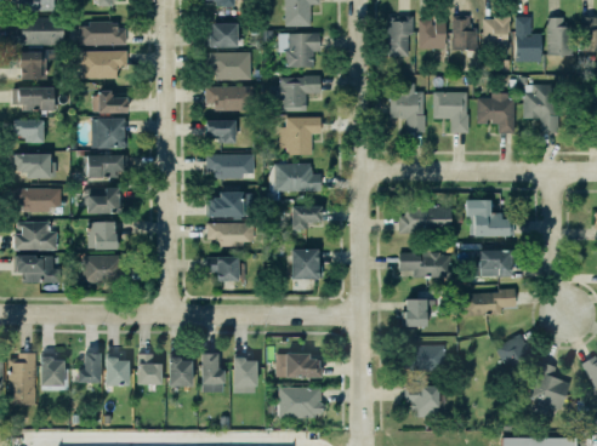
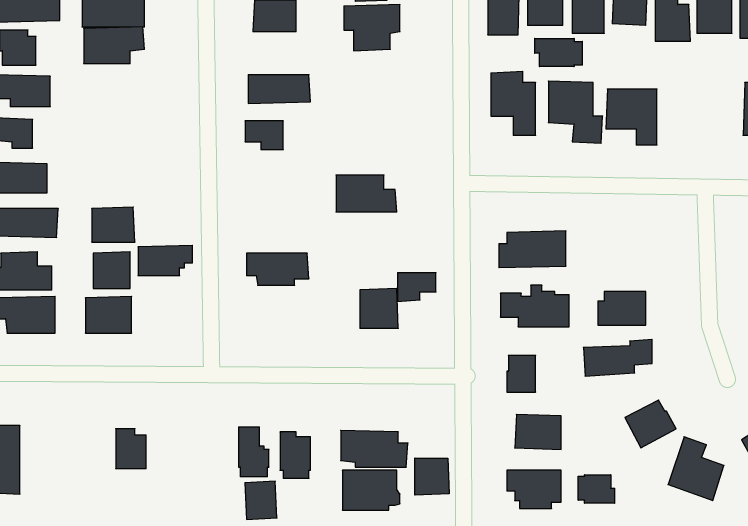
building: [205,55,252,82] -> none
building: none -> [535,38,582,67]
building: [269,75,318,110] -> none
building: [523,85,558,132] -> none
building: [90,90,125,113] -> none
building: [282,116,322,155] -> none
building: [95,119,123,148] -> none
building: [85,154,126,177] -> [138,245,192,276]
building: [204,154,252,178] -> none
building: [209,194,249,218] -> none
building: [465,199,512,236] -> none
building: [290,207,319,229] -> [398,273,436,301]
building: [205,256,235,281] -> none
building: [137,353,163,384] -> none
building: [75,354,98,383] -> none
building: [39,358,67,390] -> none
building: [169,358,193,387] -> [245,481,277,519]
building: none -> [415,458,449,495]
building: none -> [578,475,615,503]

